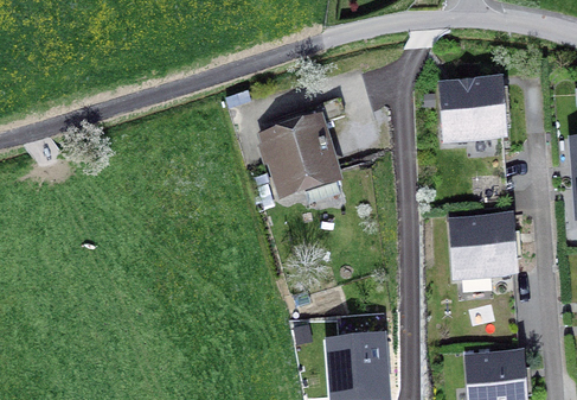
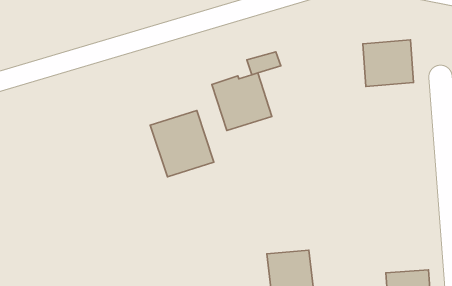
building: none -> [150,110,214,177]
building: [453,221,513,275] -> none

